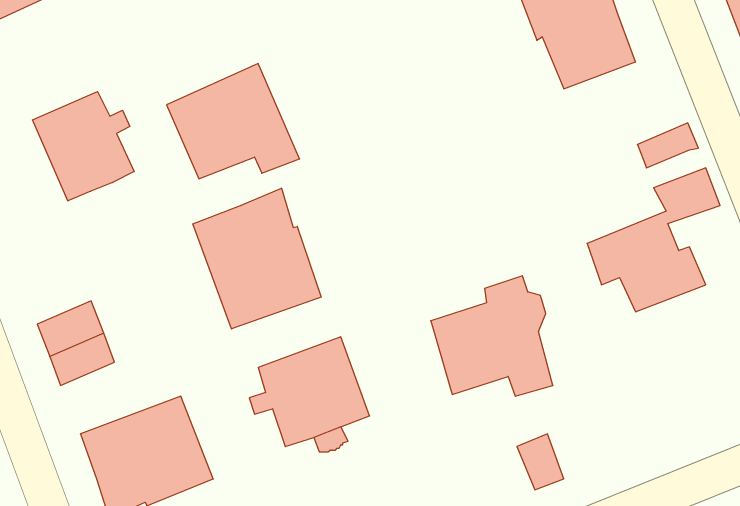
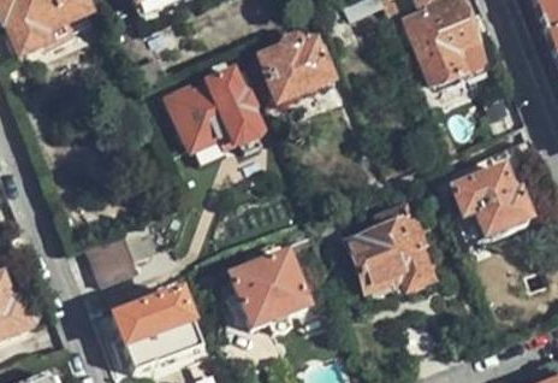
building: none -> [261,33,333,98]
building: [32,92,134,201] -> none
building: [193,188,321,329] -> none

